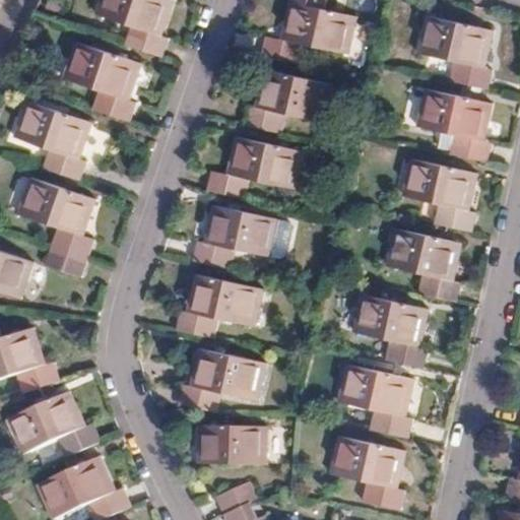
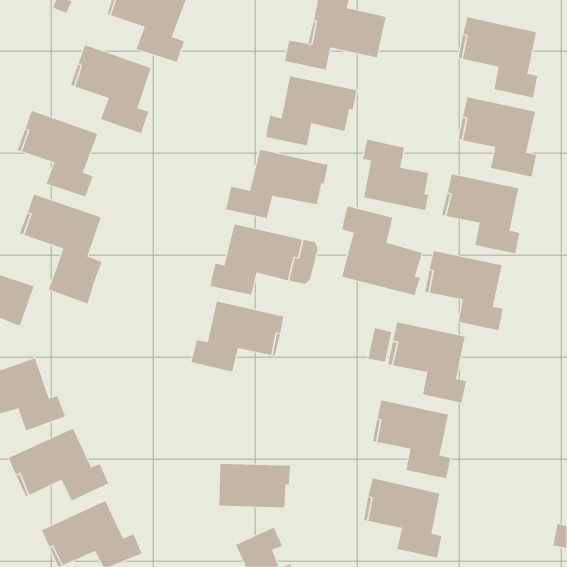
building: none -> [363,139,429,211]
building: none -> [341,206,422,296]
building: [178,348,263,412] -> none

